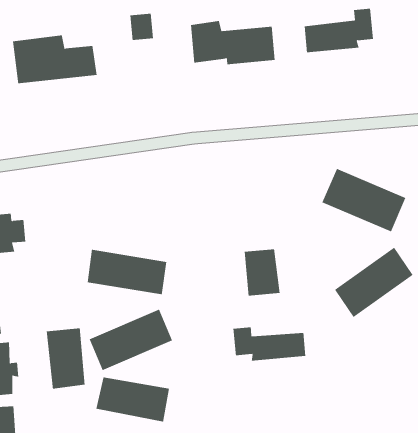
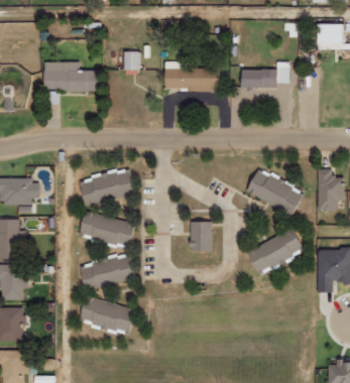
building: none -> [81,169,134,202]
building: [233,326,306,361] -> none
building: [46,328,85,390] -> none

